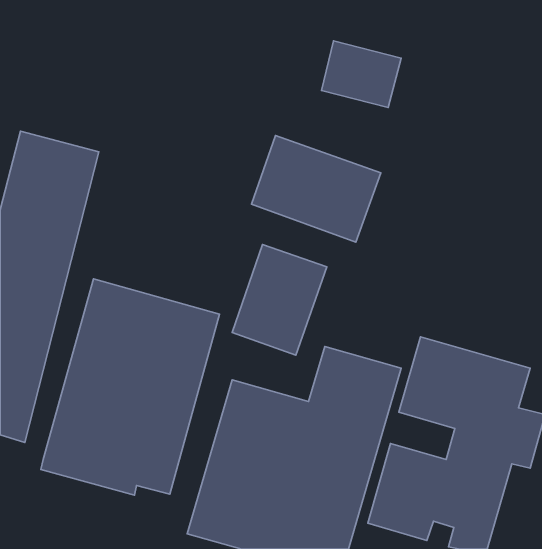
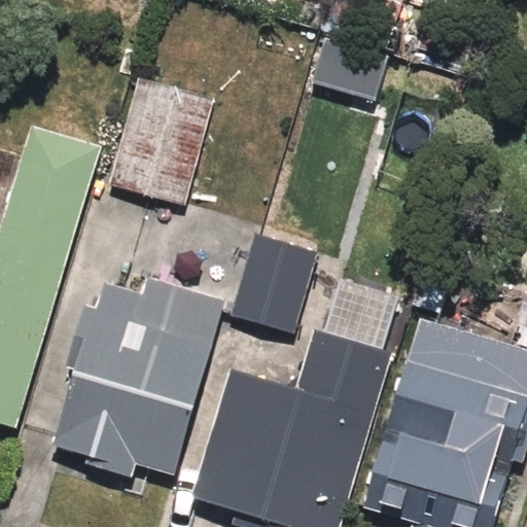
building: none -> [107,66,222,210]
building: [252,136,381,242] -> none

